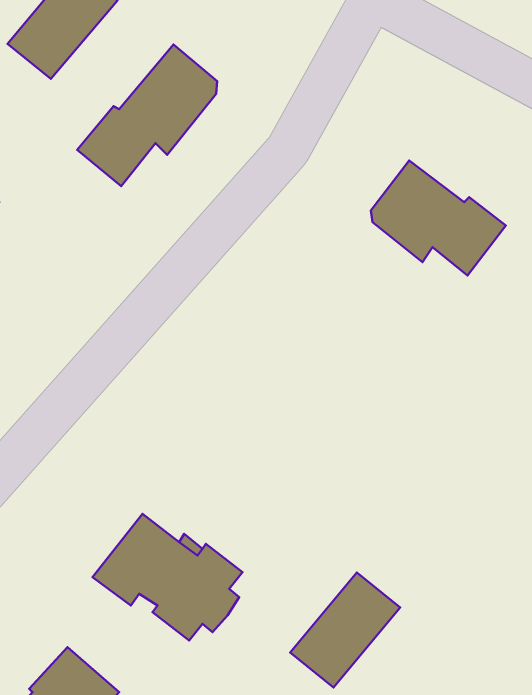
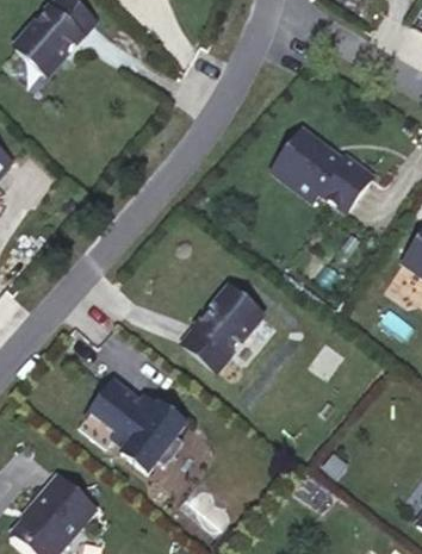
building: [77,45,217,186] -> none
building: [290,573,400,688] -> [184,286,262,368]

